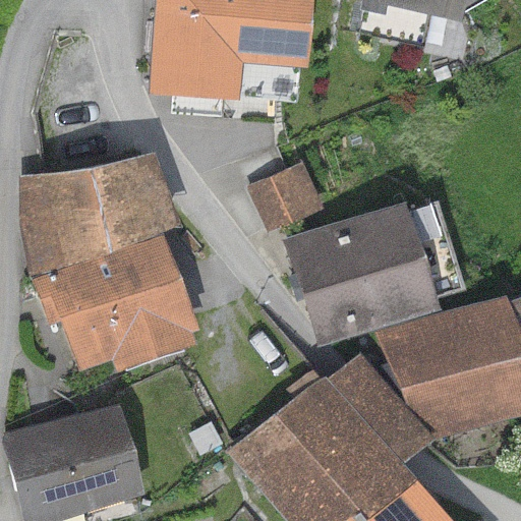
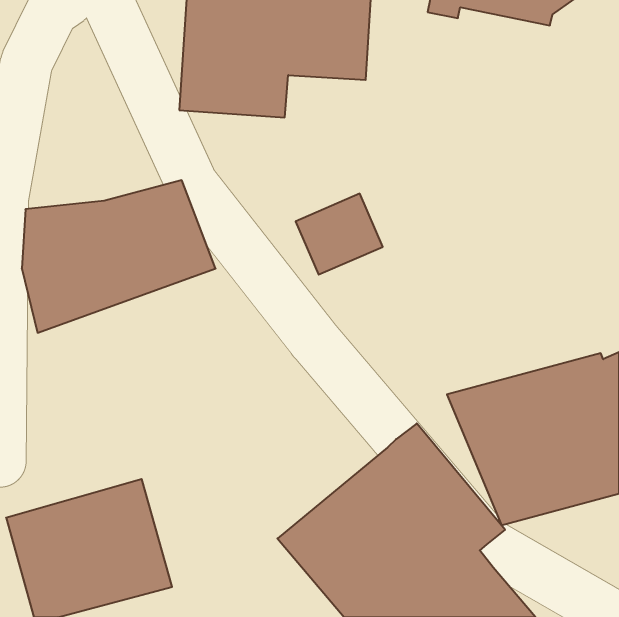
building: [284,201,461,346] -> none
building: [32,233,196,373] -> none

